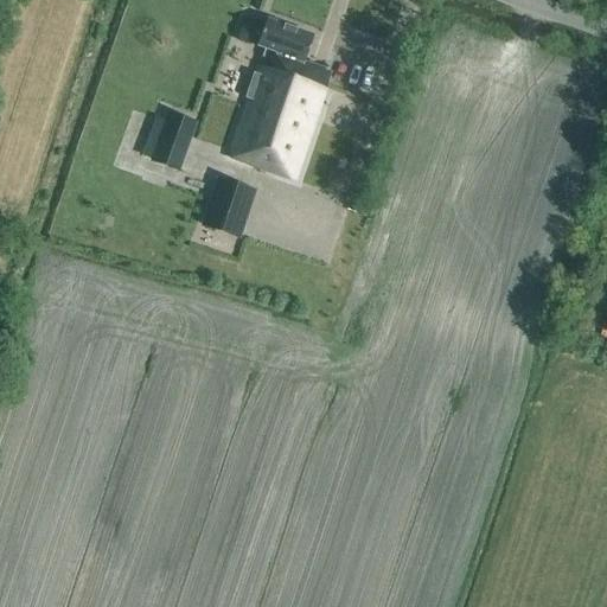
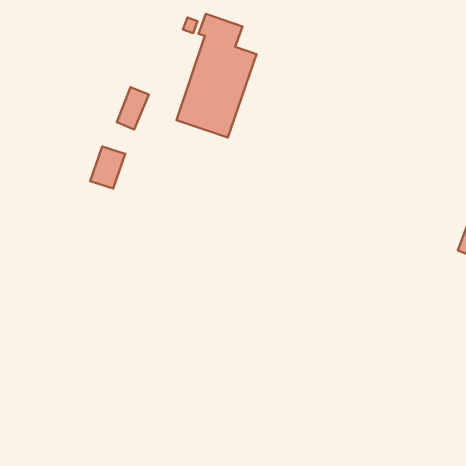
building: [210,179,255,234] -> [90,146,125,189]

